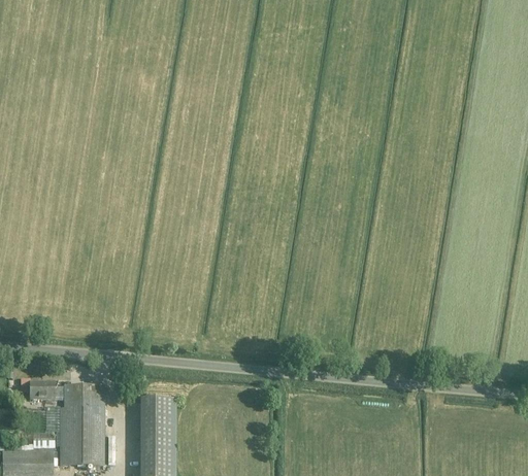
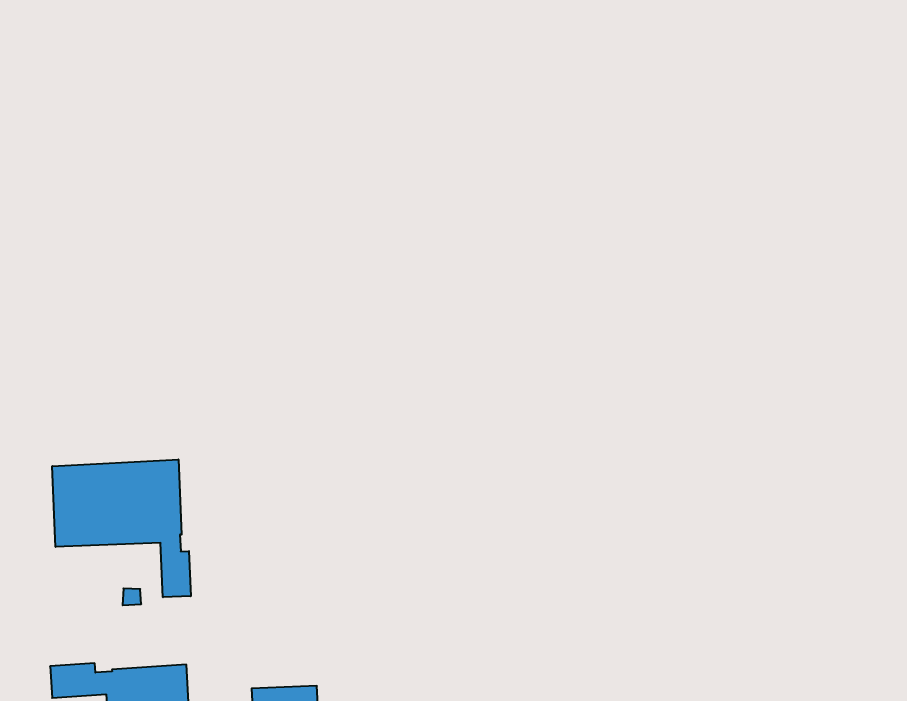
building: none -> [52,459,191,597]

